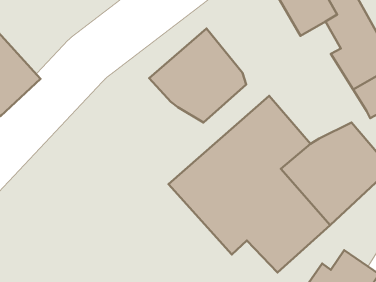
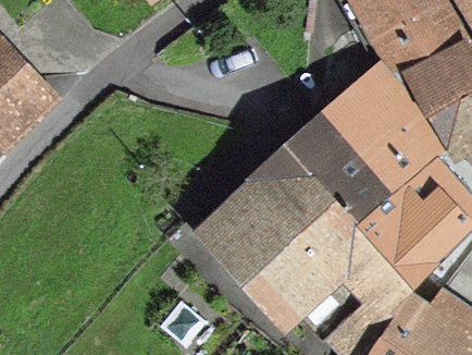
building: [149,28,246,123] -> none
building: none -> [332,65,450,178]

